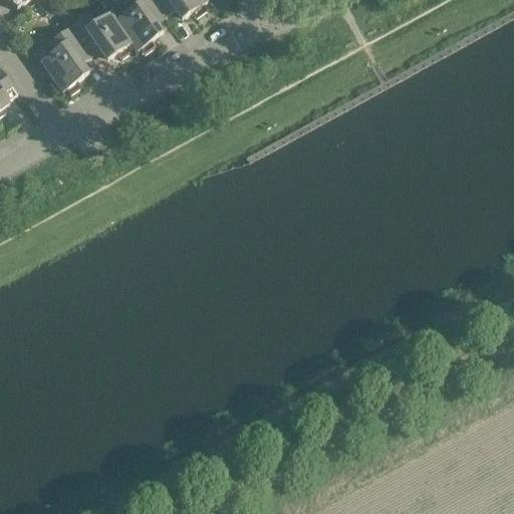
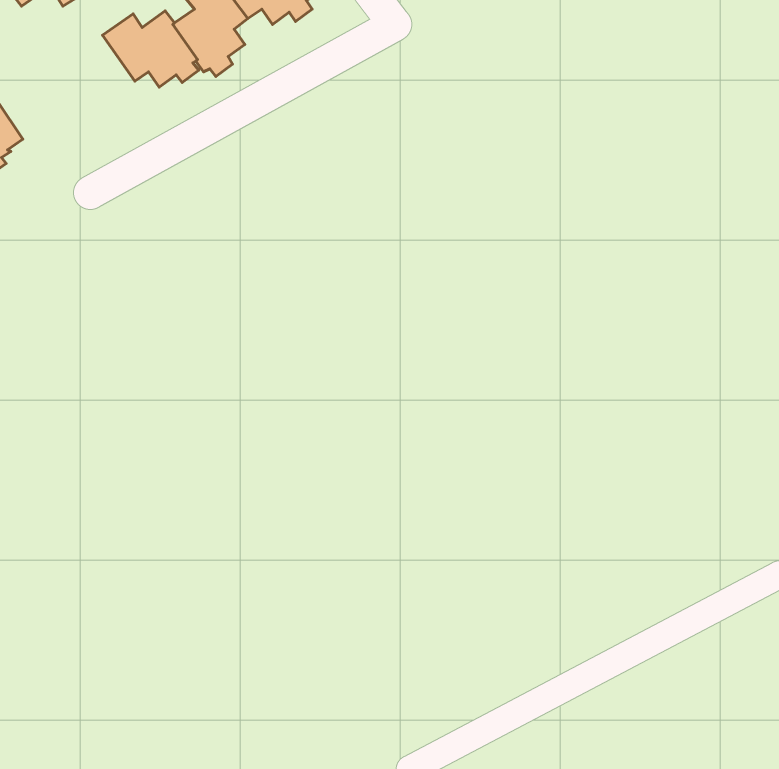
building: [38,23,88,91] -> none

